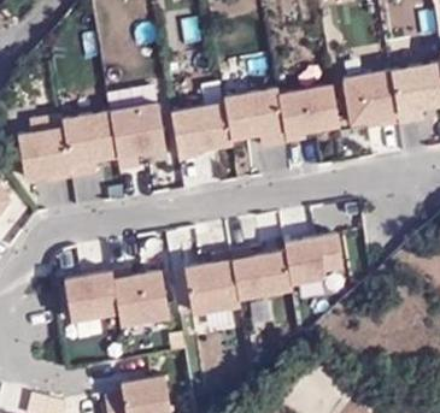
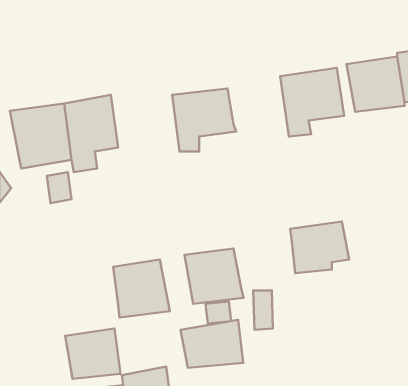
building: [224,87,286,153] -> none
building: [111,102,165,173] -> none
building: [231,249,293,296] -> [181,320,243,368]
building: [64,270,118,319] -> [65,328,121,379]

